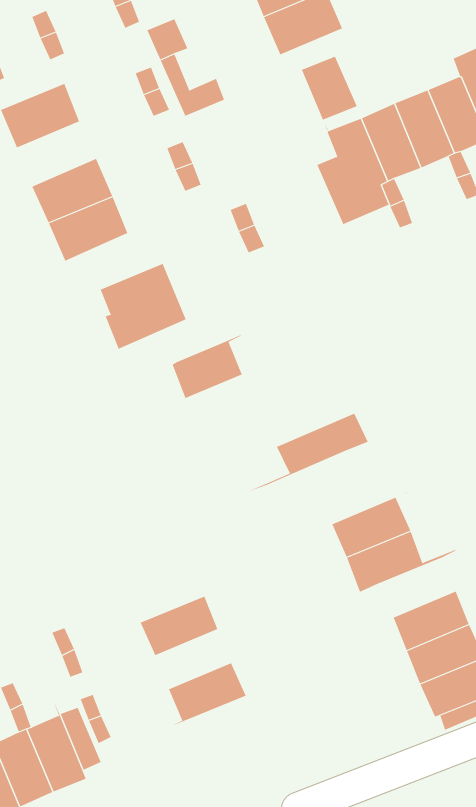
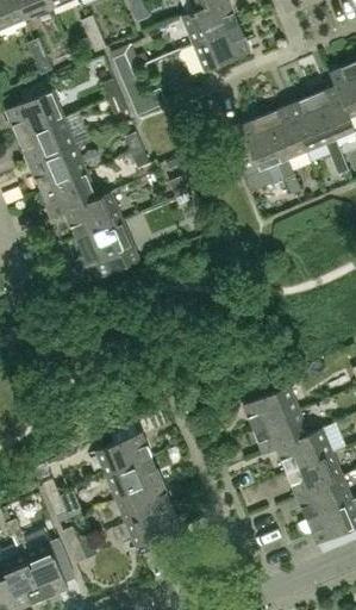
building: [301,56,357,131] -> none
building: none -> [18,118,75,164]
building: none -> [65,192,123,238]
building: [172,335,243,399] -> none
building: [249,413,369,491] -> none
building: none -> [276,430,332,473]
building: none -> [87,432,152,477]
building: none -> [117,481,171,524]

